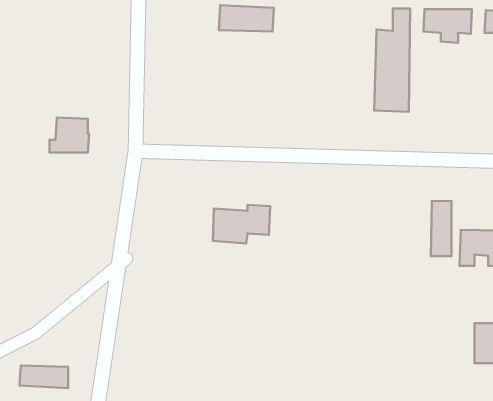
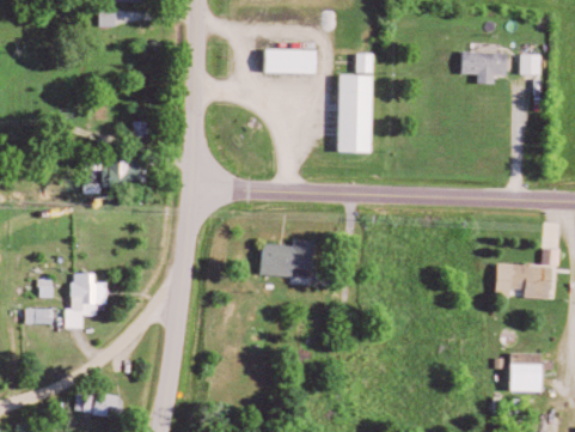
building: [374,8,410,112] -> [338,53,373,152]
building: [431,201,451,256] -> none
building: none -> [65,273,106,328]

